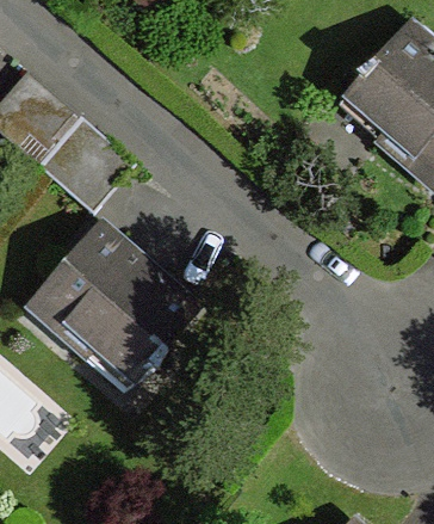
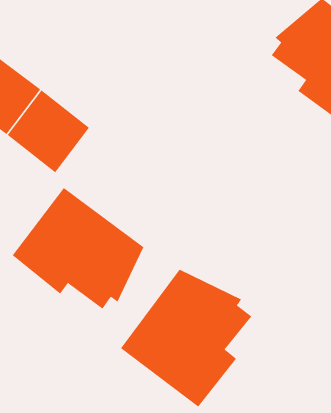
building: none -> [120,269,252,408]

